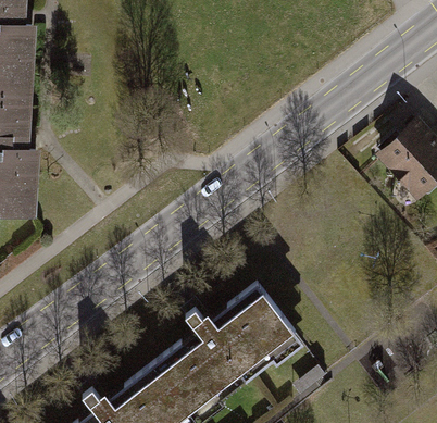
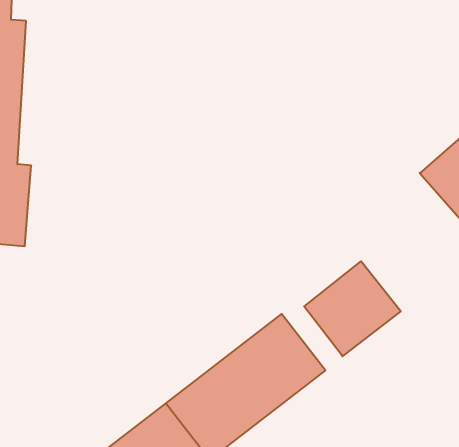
building: none -> [304,261,401,356]

